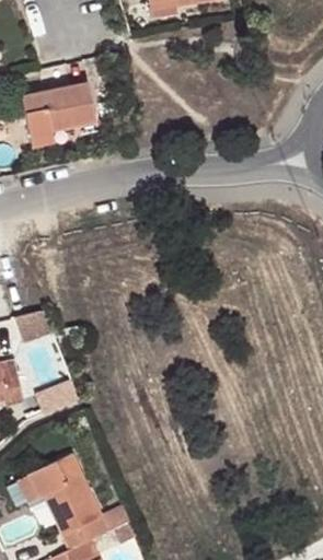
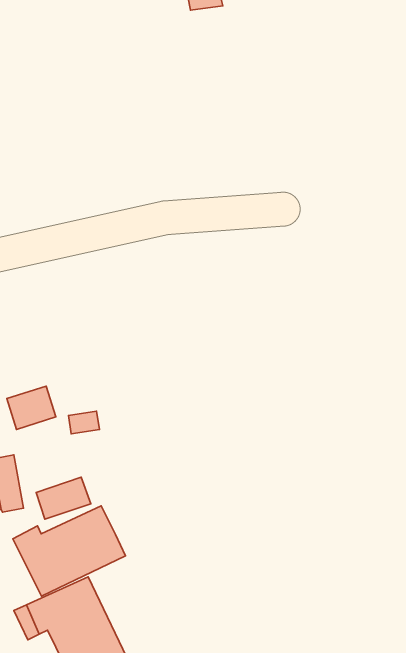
building: [24,82,96,148] -> none
building: none -> [13,506,125,596]

